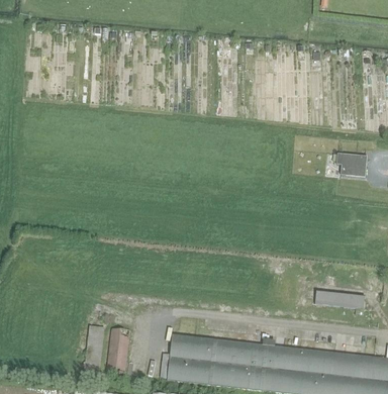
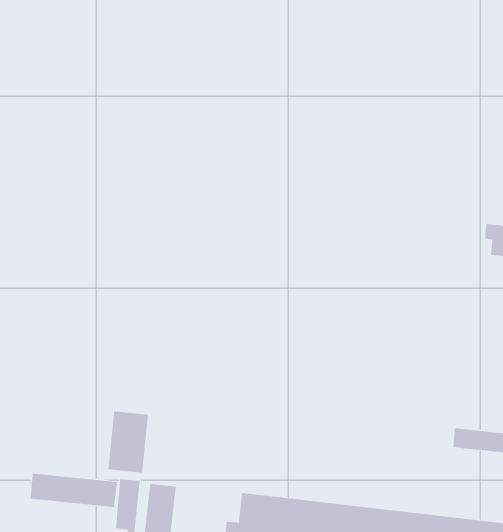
building: none -> [108,411,149,474]
building: none -> [30,473,117,508]

